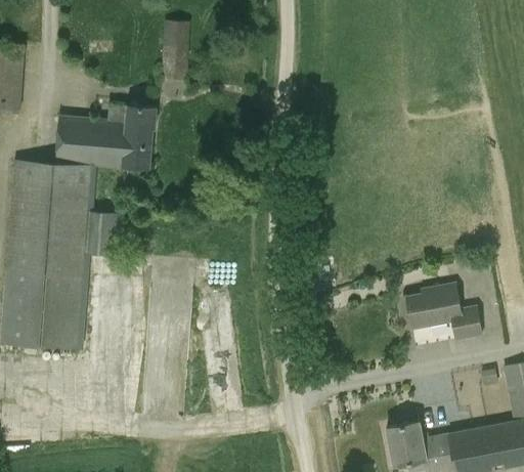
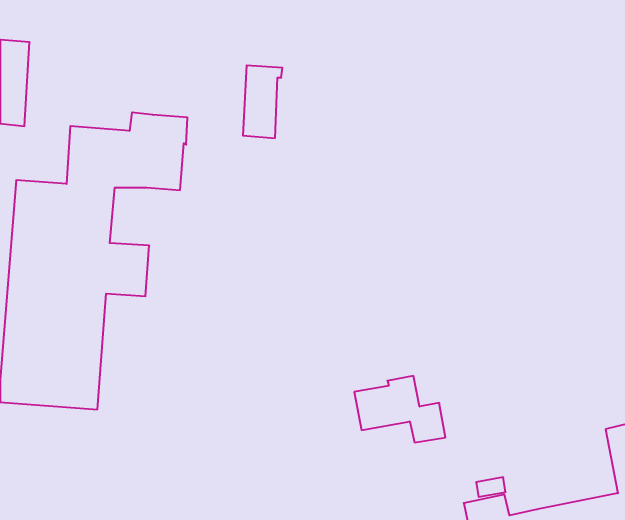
building: [162,22,194,82] -> [243,65,282,138]
building: [405,285,481,340] -> [354,376,445,442]

